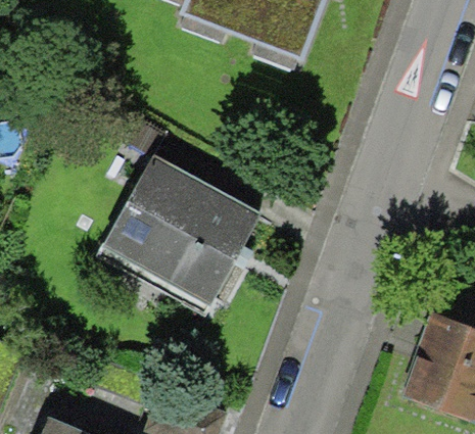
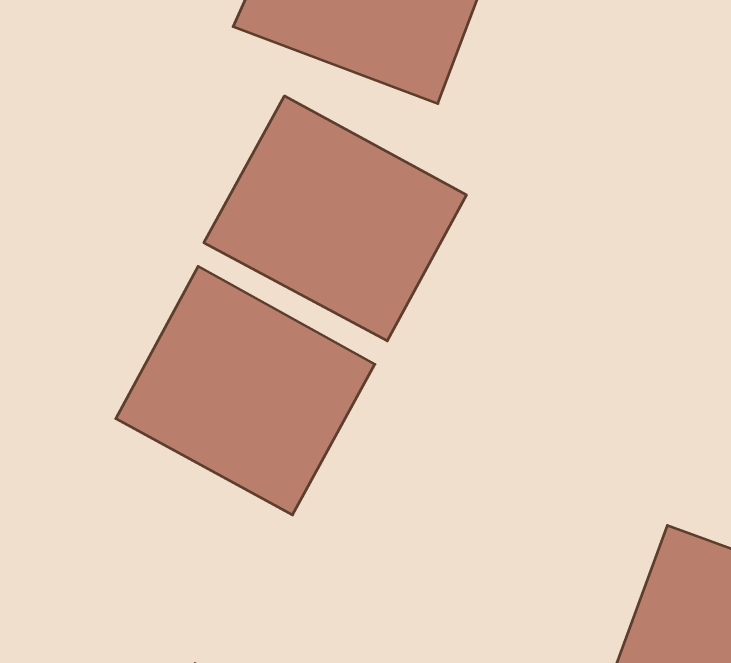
building: none -> [204,96,466,341]

